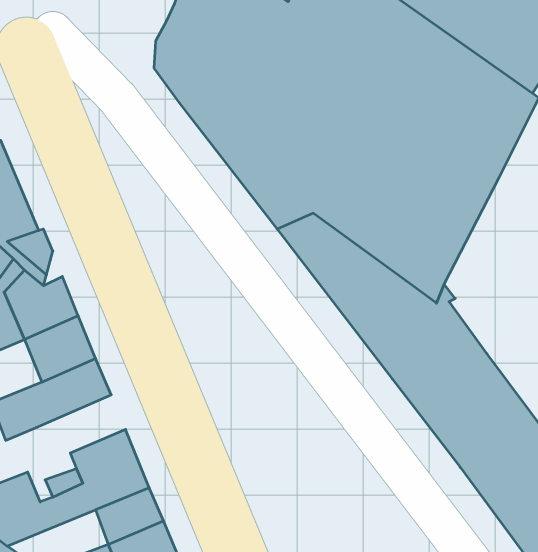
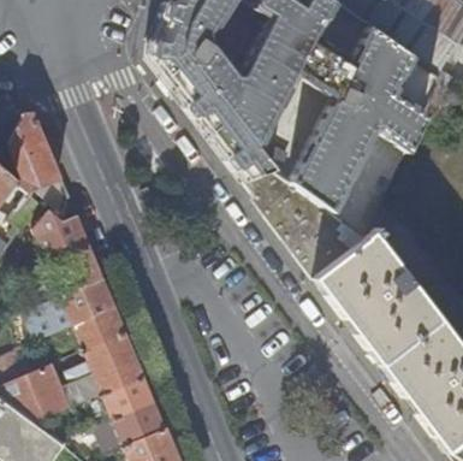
building: none -> [58,306,126,350]

